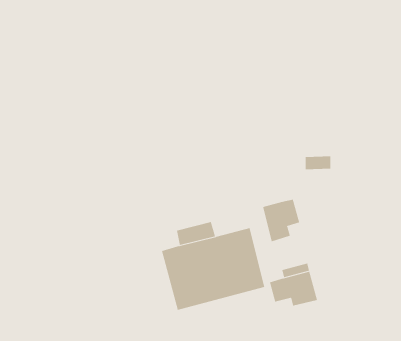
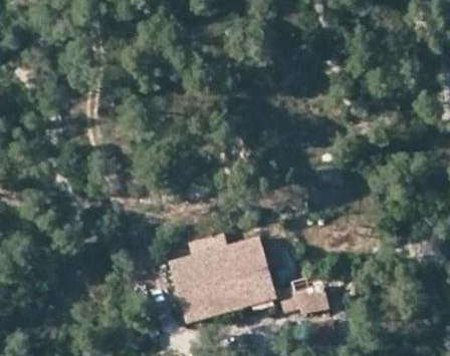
building: [262,199,300,242] -> none

